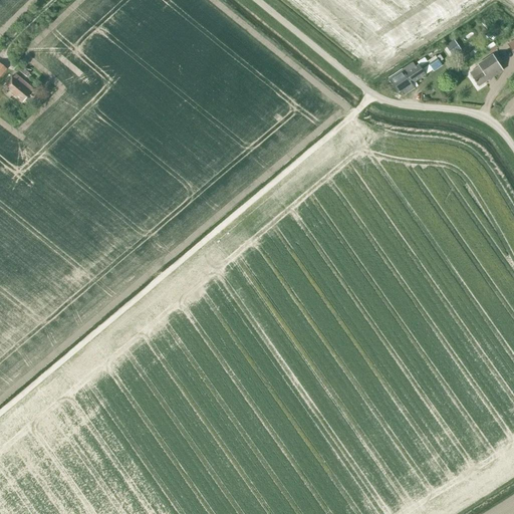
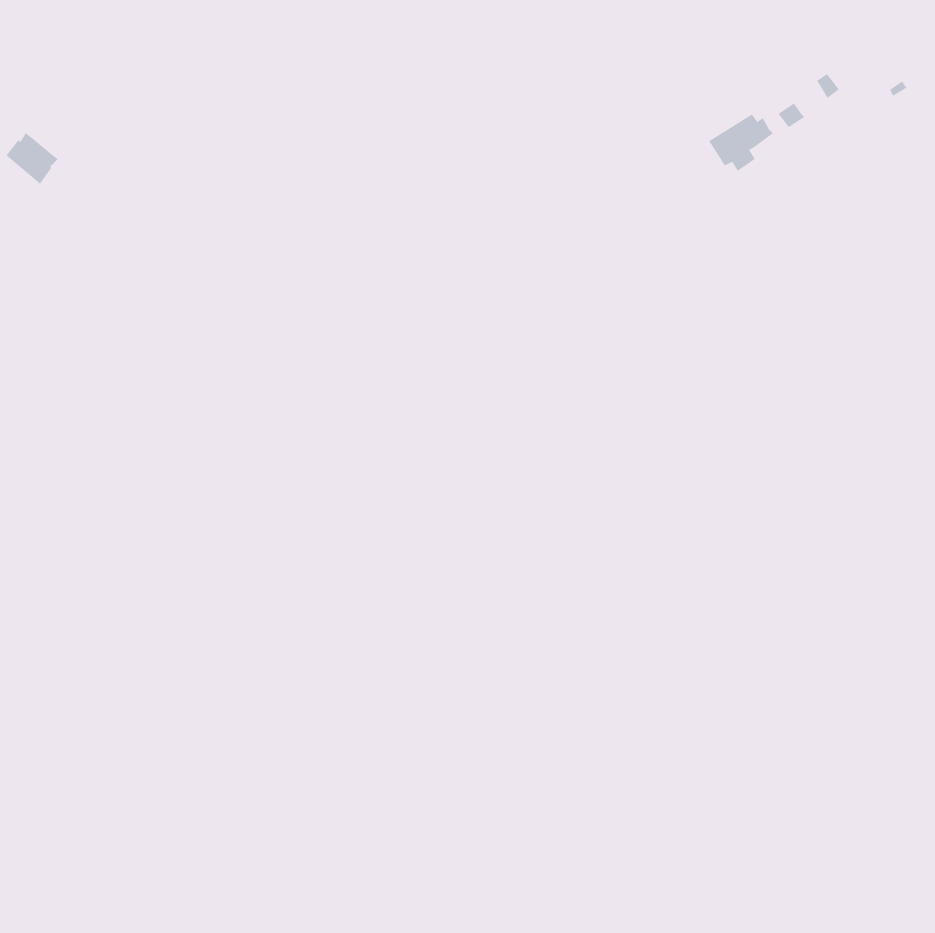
building: [470,54,502,85] -> none

